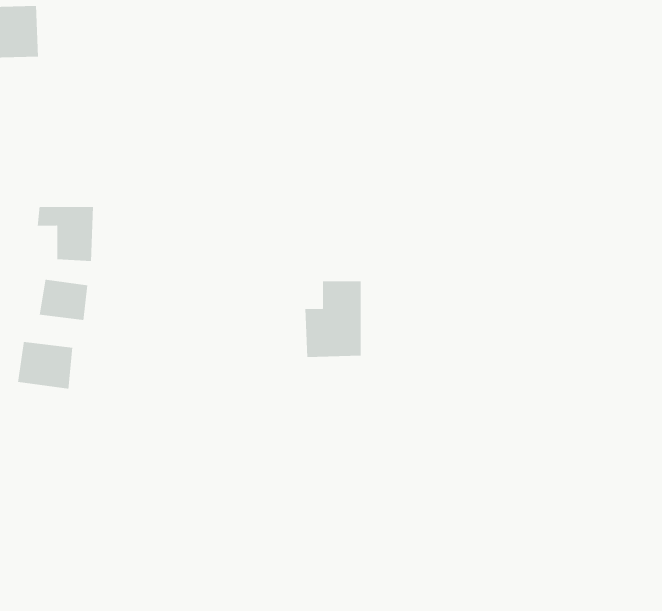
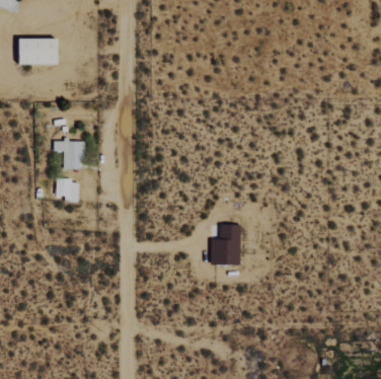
building: [305,281,362,358] -> [211,225,240,264]
building: [17,341,73,389] -> none

